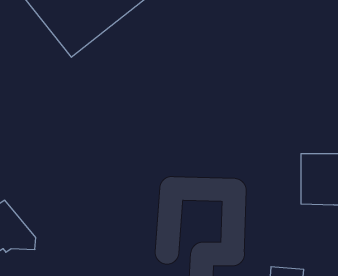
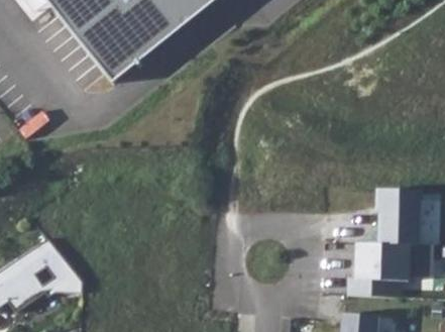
building: none -> [343,243,410,296]

